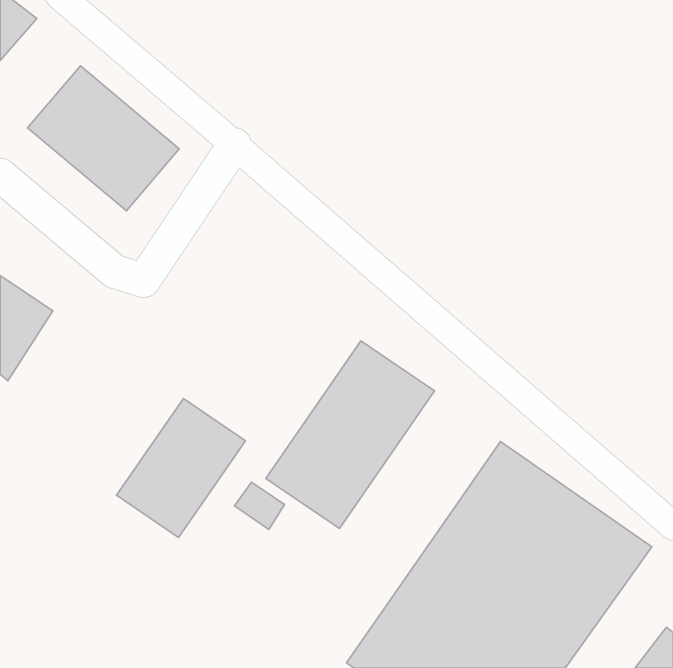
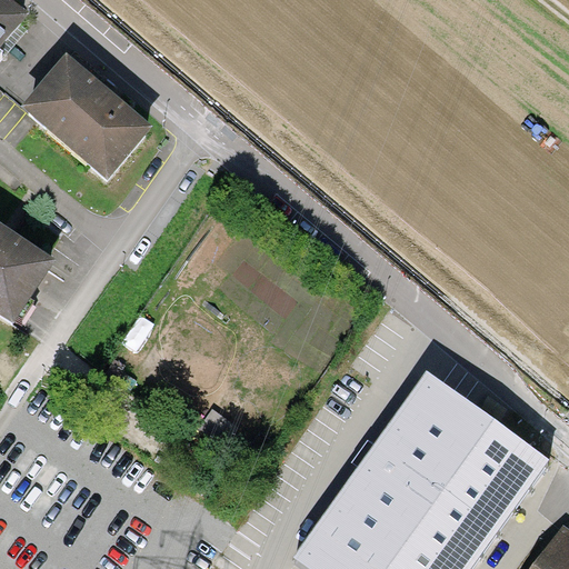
building: [266,341,435,529] -> none
building: [117,399,245,538] -> none

